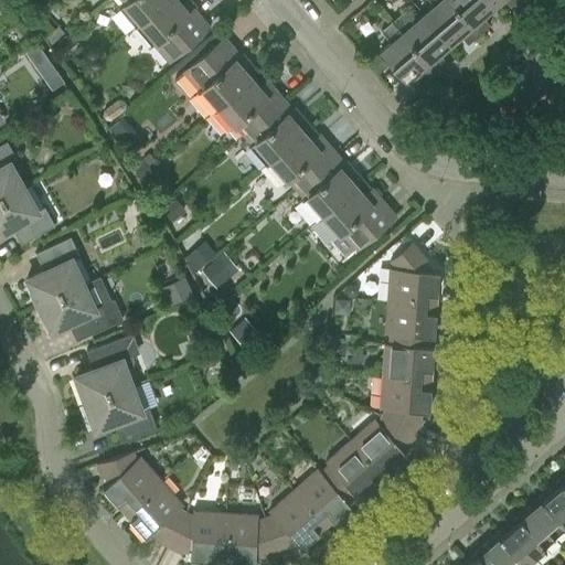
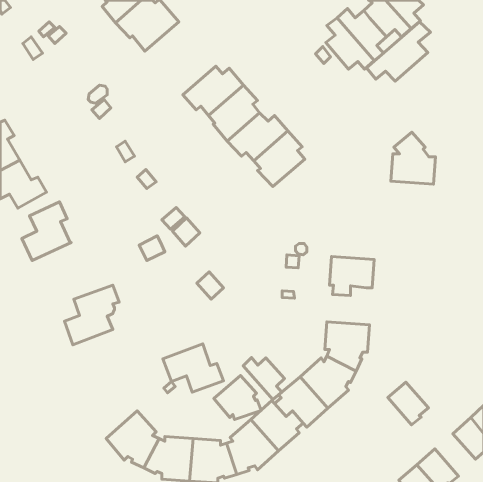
building: none -> [366,22,430,81]
building: [184,38,253,113] -> none
building: [319,188,395,252] -> none
building: [387,244,439,305] -> [391,132,435,184]
building: [39,280,122,342] -> none
building: [382,335,434,381] -> none
building: [86,386,157,443] -> [163,344,224,392]
building: none -> [243,358,284,400]
building: none -> [214,375,261,420]
building: [97,452,161,513] -> none
building: [508,508,555,557] -> [388,382,429,425]

